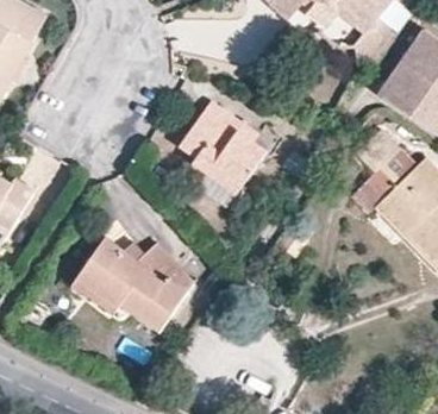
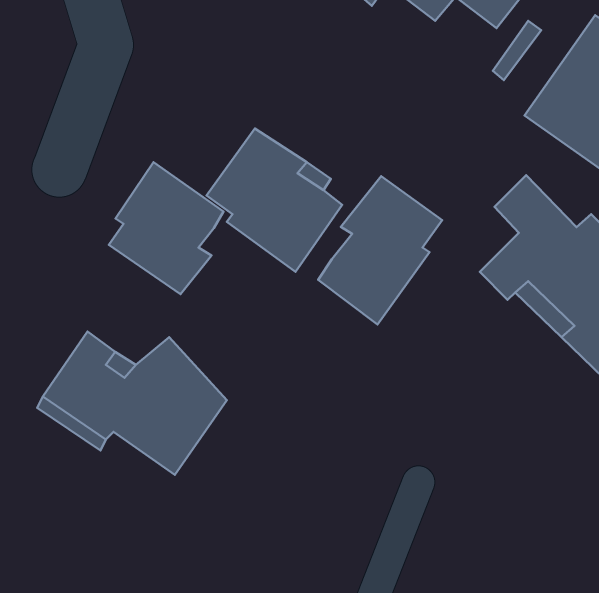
building: none -> [109,162,224,294]
building: none -> [318,176,442,325]

